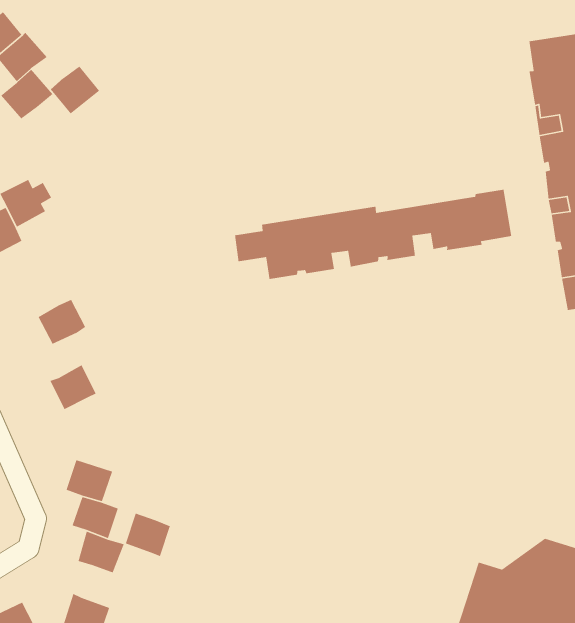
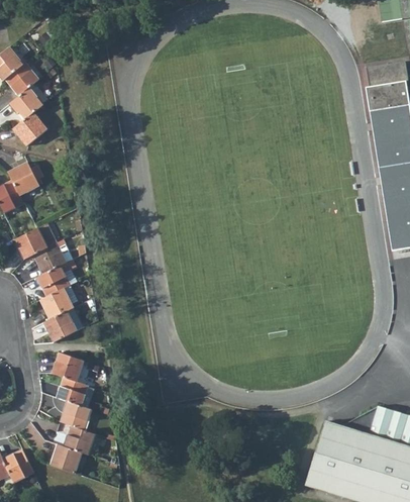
building: [50,66,100,115] -> [11,113,45,146]
building: [234,189,512,280] -> none
building: none -> [13,228,45,260]
building: none -> [35,267,68,297]
building: none -> [42,311,76,343]
building: [125,513,171,557] -> [62,425,93,456]

